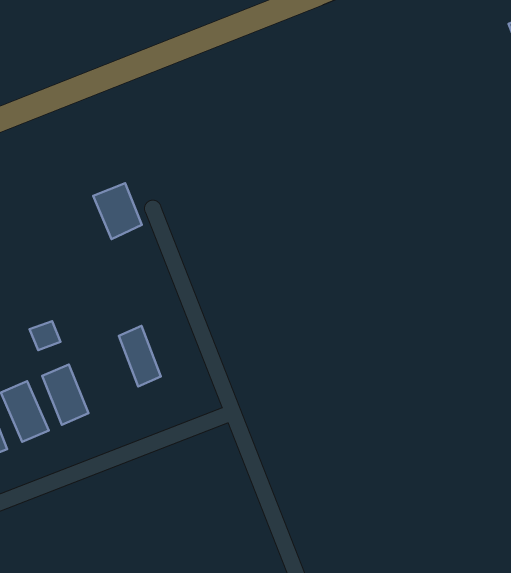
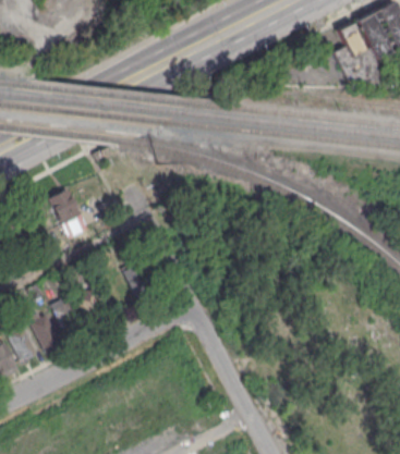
building: [93,183,142,239] -> [48,188,80,223]

